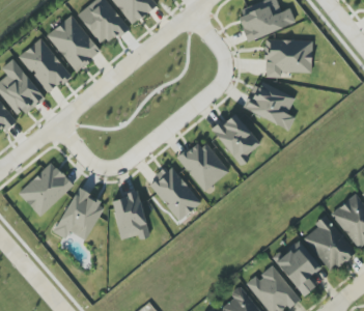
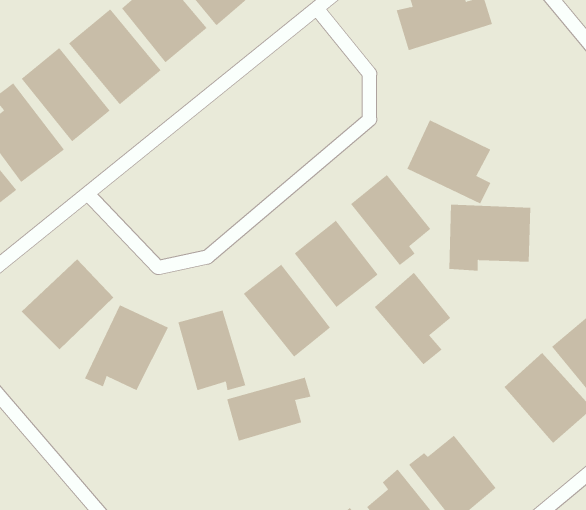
building: [263,38,312,78] -> [448,204,531,271]
building: none -> [226,377,311,441]
building: [275,241,320,295] -> [374,272,451,365]

